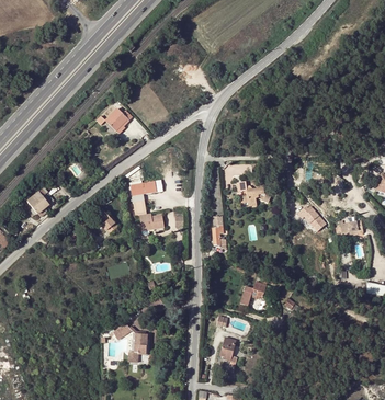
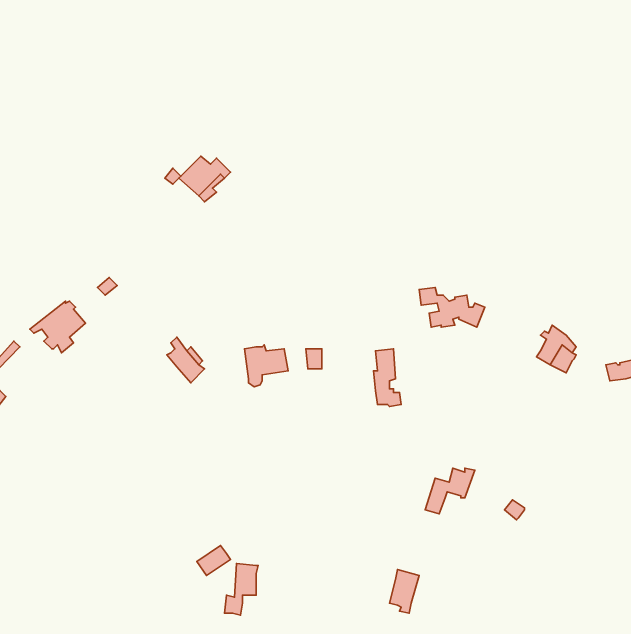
building: [129,180,162,216] -> none

